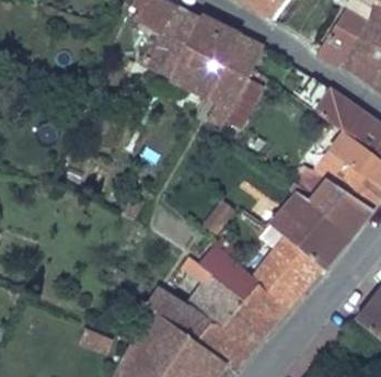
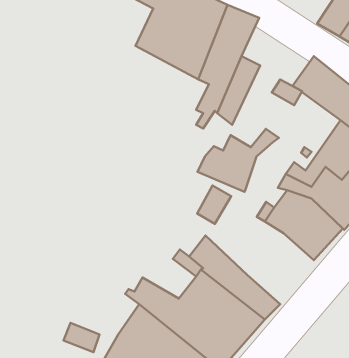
building: none -> [197,129,279,192]
building: [254,245,320,312] -> none

